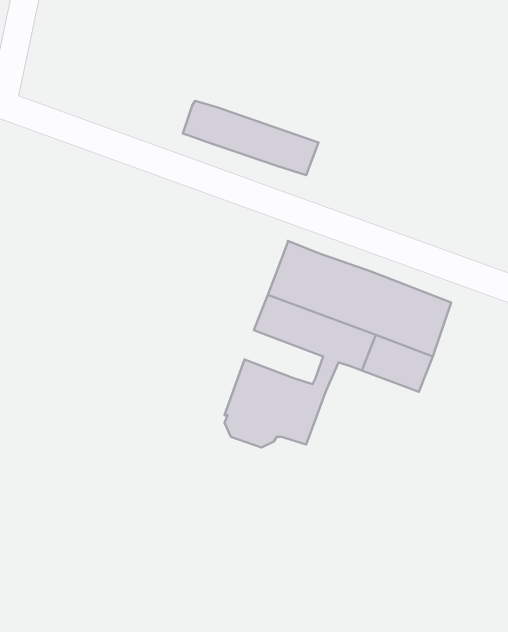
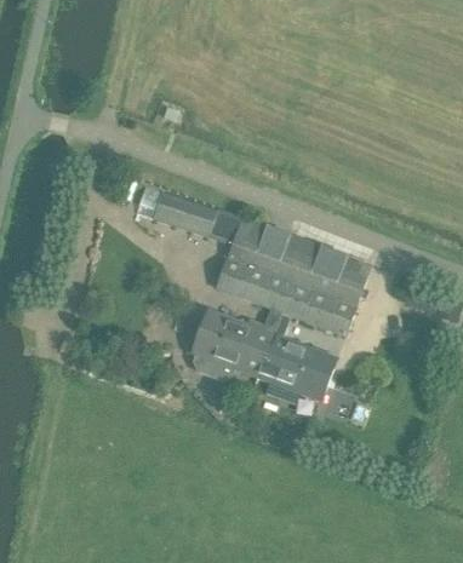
building: [183,101,319,175] -> [135,185,241,243]
building: none -> [256,334,336,403]

